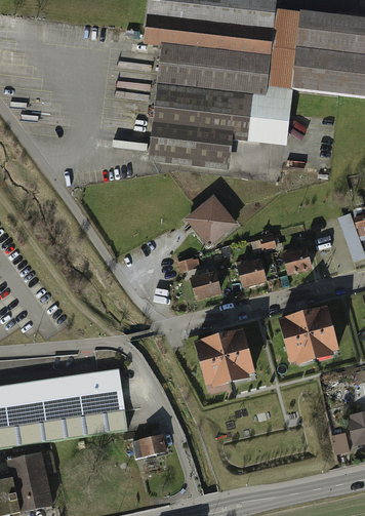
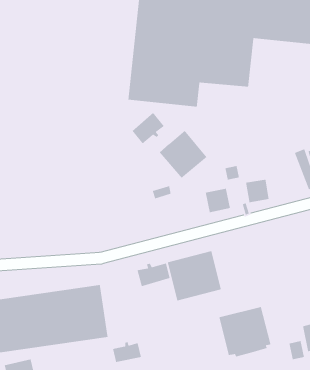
building: none -> [132,112,165,145]
building: [190,269,222,301] -> none
building: [279,306,339,364] -> [218,306,271,358]
building: none -> [137,262,170,287]

